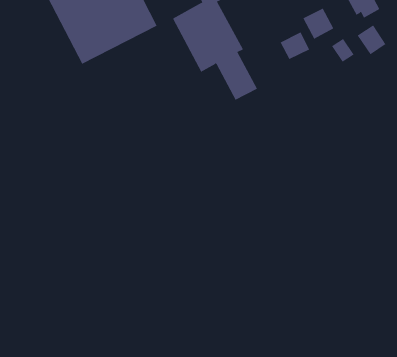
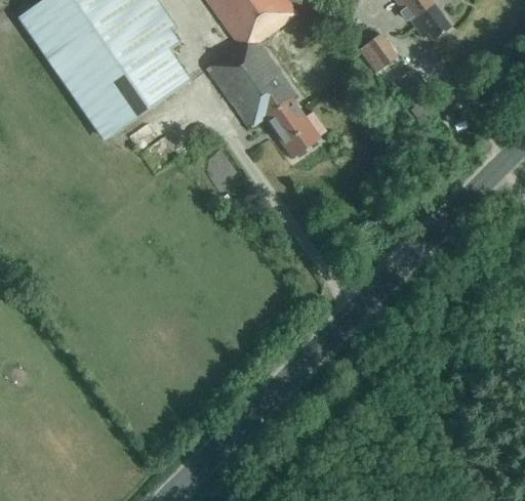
building: [357,25,386,55] -> none
building: [280,31,310,60] -> none

